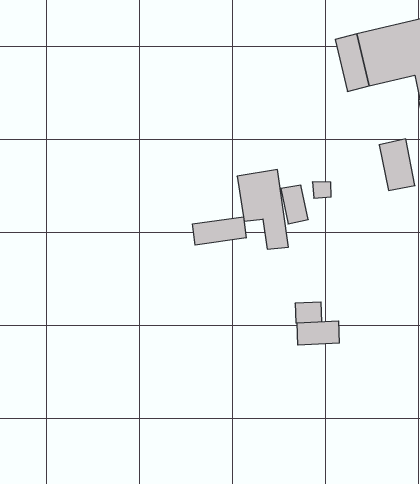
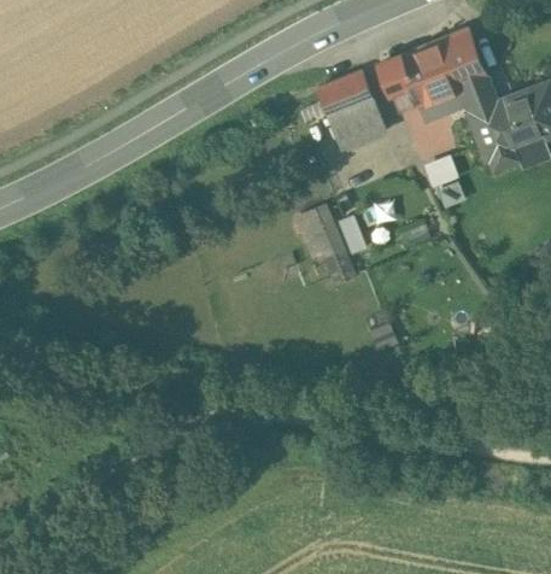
building: none -> [315,71,383,151]
building: [193,217,246,245] -> none
building: [297,321,339,345] -> none

